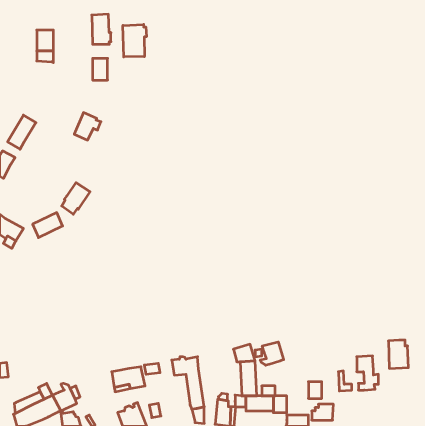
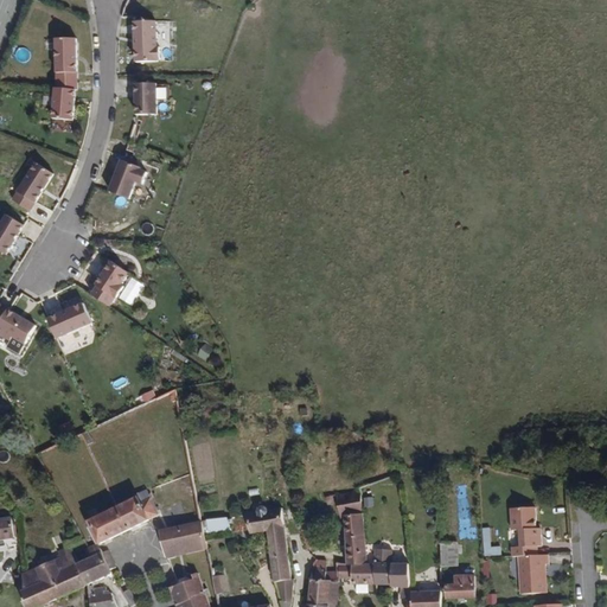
building: [123,24,146,57] -> none
building: none -> [50,87,74,119]
building: [388,340,408,368] -> [518,554,547,594]
building: [260,342,284,365] -> none
building: none -> [85,490,158,542]

